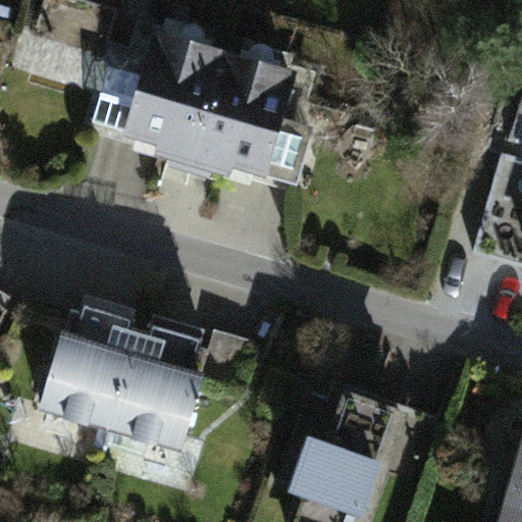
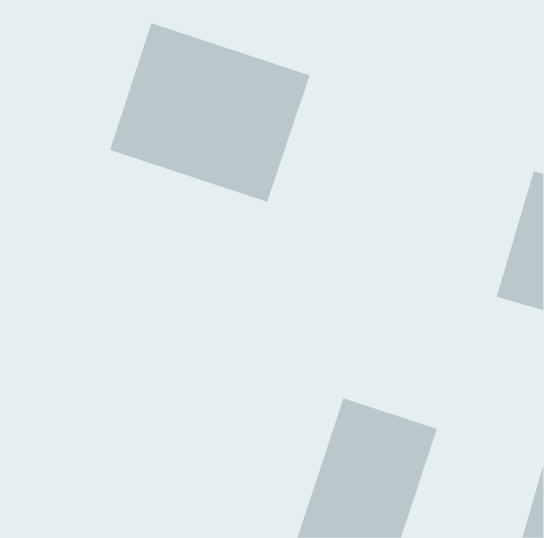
building: [38,288,224,459] -> none

